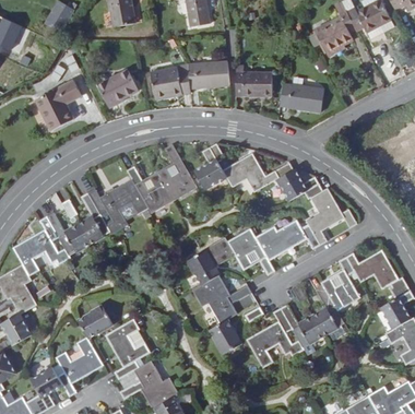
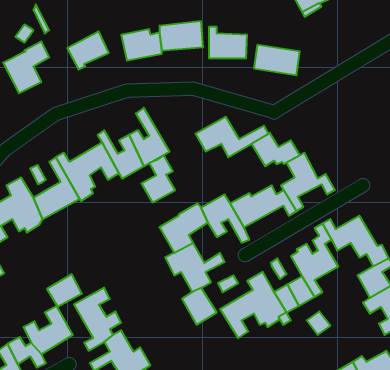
building: [194,143,227,189] -> [141,155,175,202]

